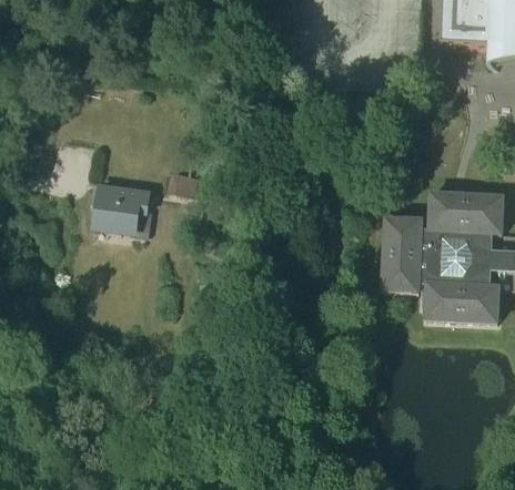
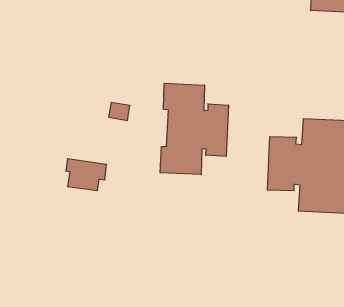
building: none -> [160,83,228,175]
building: [93,184,149,227] -> [66,159,107,191]

